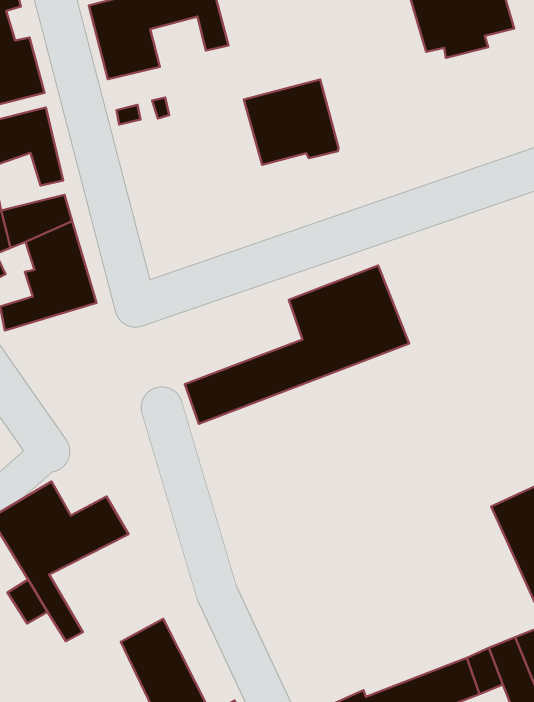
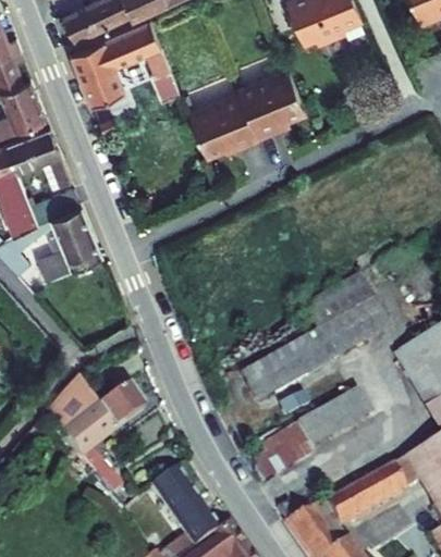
building: none -> [233,60,303,128]
building: [185,266,409,424] -> [240,272,391,397]
building: none -> [245,392,367,479]

